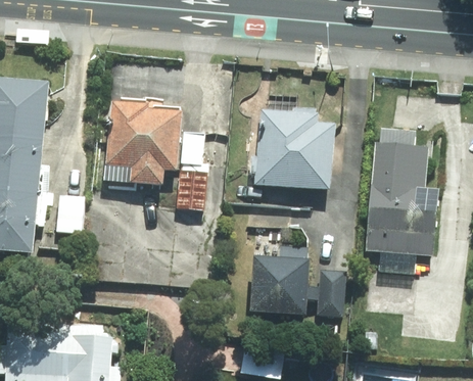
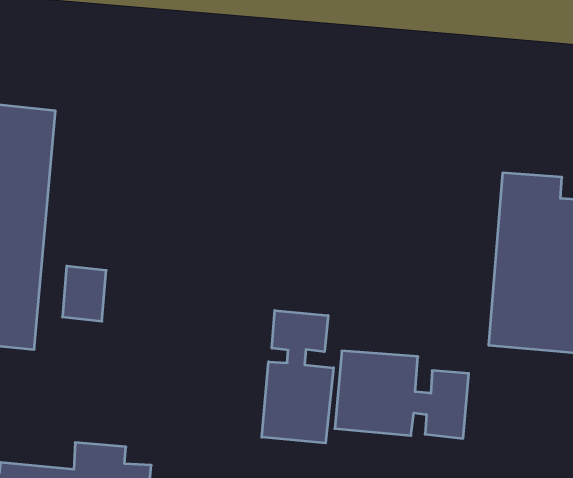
building: [106,95,207,208] -> none
building: [251,107,338,190] -> none
building: none -> [262,310,334,443]

